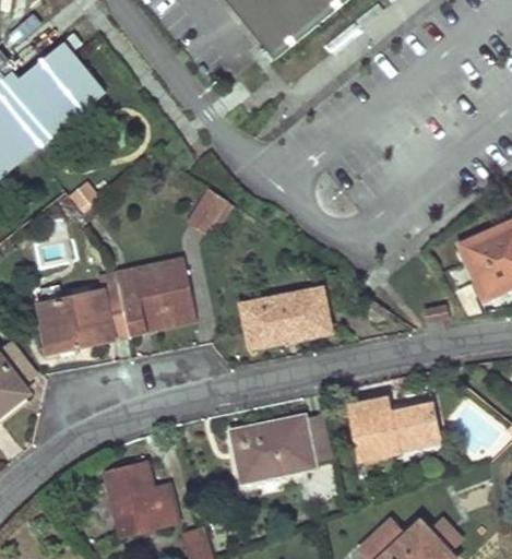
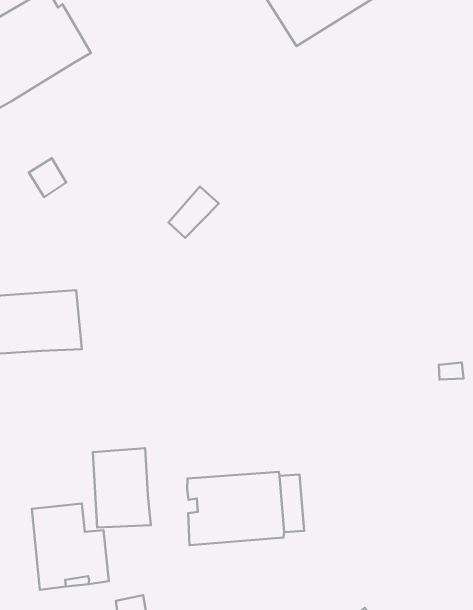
building: [116,257,193,334] -> none
building: [241,288,329,345] -> none
building: [350,397,440,456] -> none
building: none -> [93,448,151,527]

